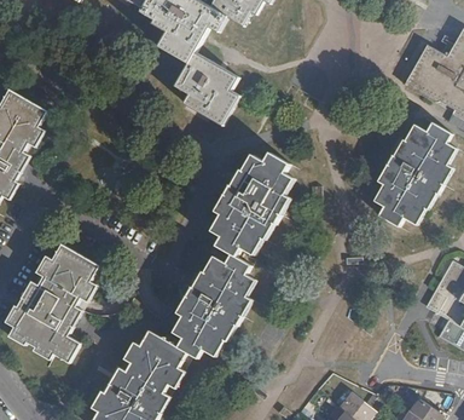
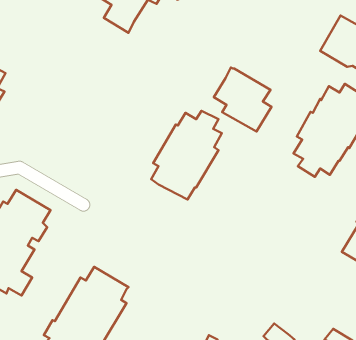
building: [174,51,239,123] -> [214,67,272,132]
building: [174,253,255,355] -> none

